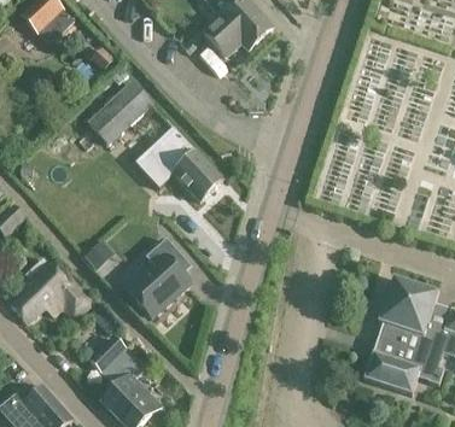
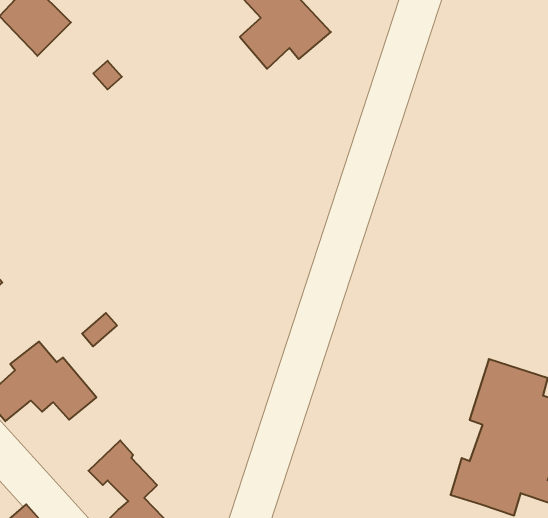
building: [89,83,152,145] -> none
building: [135,124,222,199] -> none
building: [123,238,191,317] -> none

